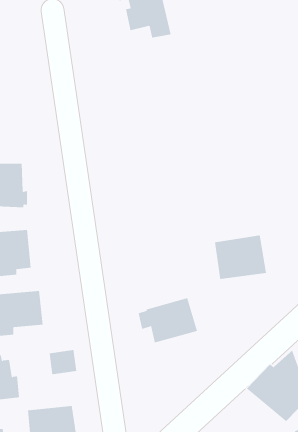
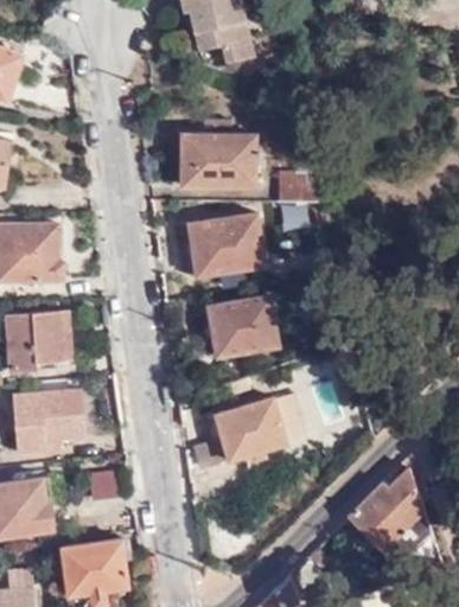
building: none -> [181,138,255,186]
building: none -> [276,173,319,204]
building: none -> [185,215,264,276]
building: [214,235,267,279] -> [209,298,278,356]

